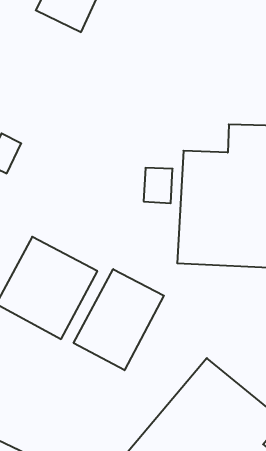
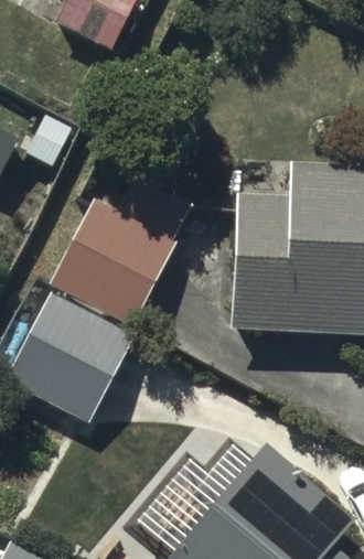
building: none -> [49,165,189,321]
building: [74,269,164,370] -> none

